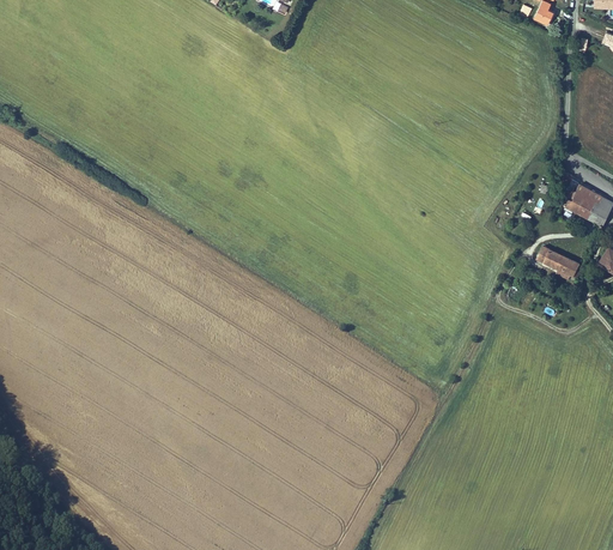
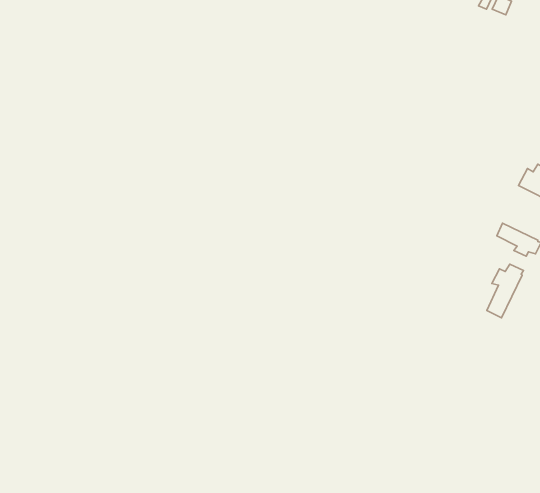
building: none -> [487,264,524,318]

